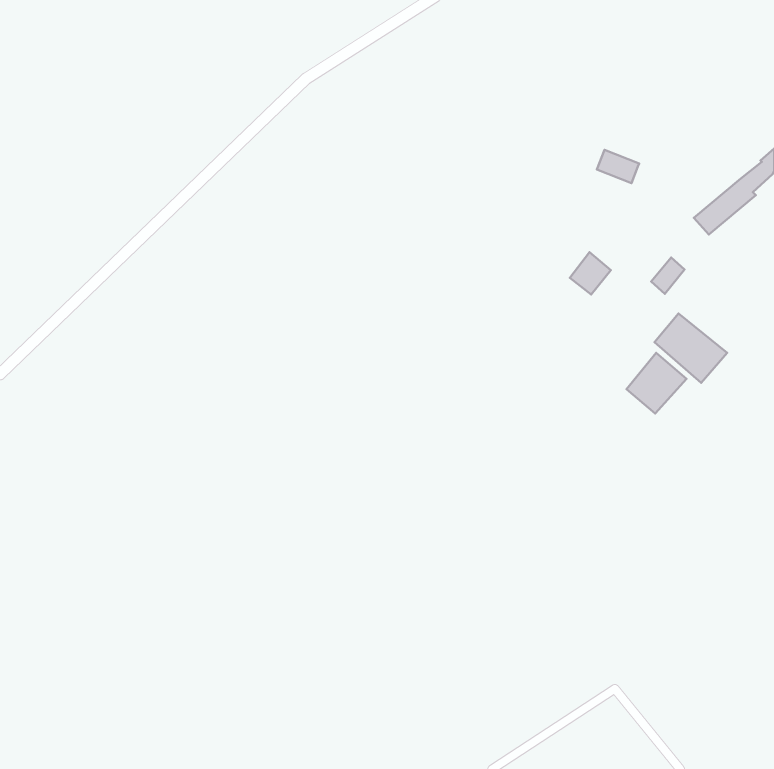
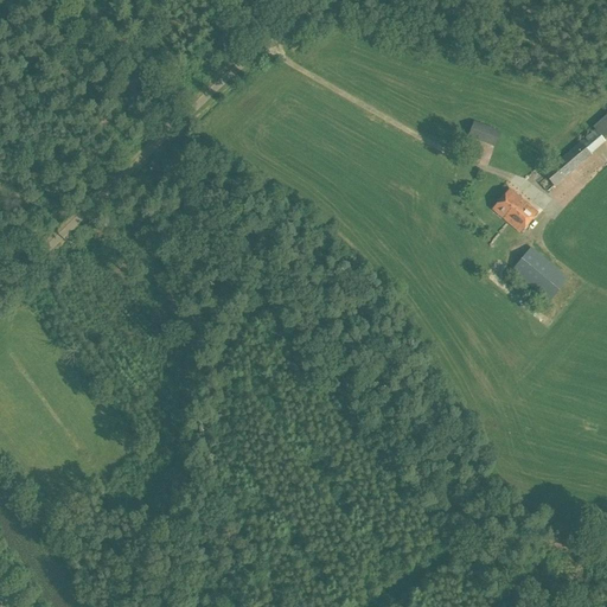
building: [570,252,611,294] -> [493,187,525,221]
building: [626,353,686,414] -> none

